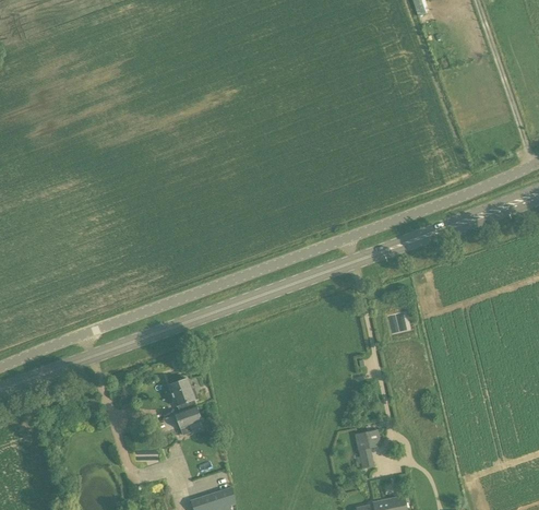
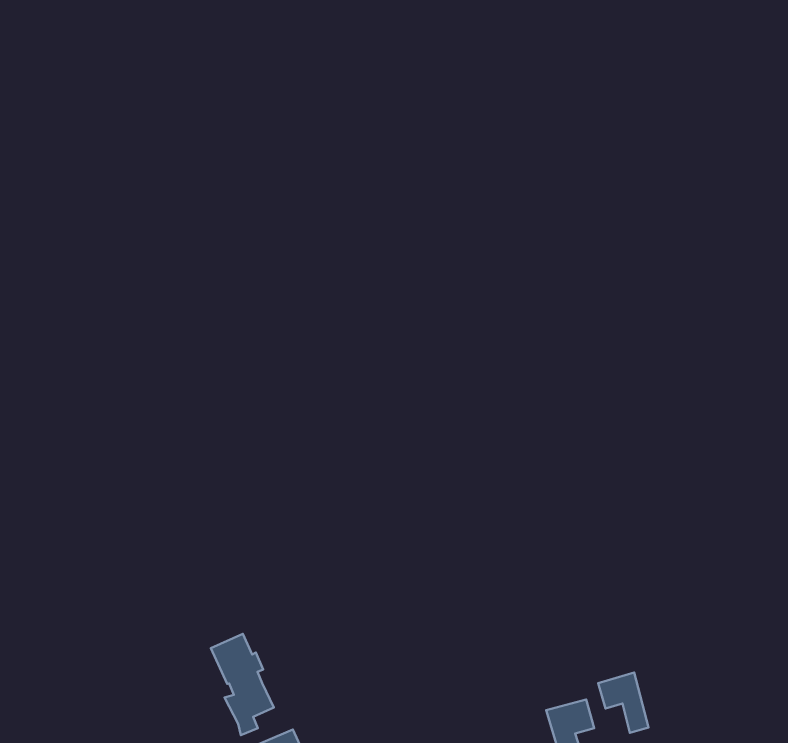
building: none -> [598,673,649,733]

